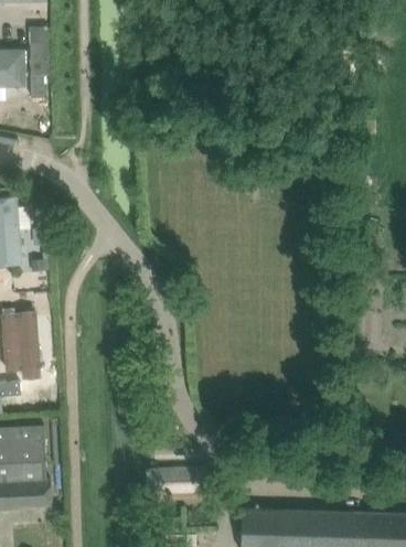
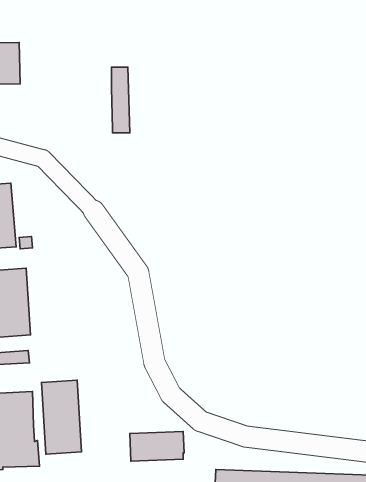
building: [28,28,47,98] -> [111,67,130,133]
building: none -> [42,380,81,454]

